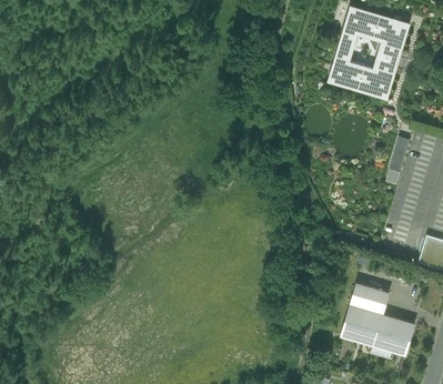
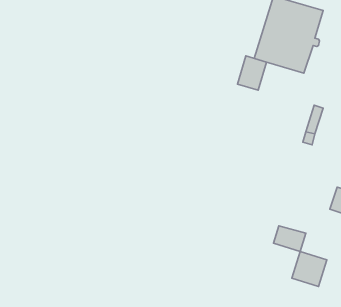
building: none -> [238,56,266,90]
building: [340,304,382,346] -> none

